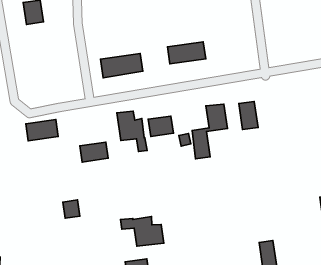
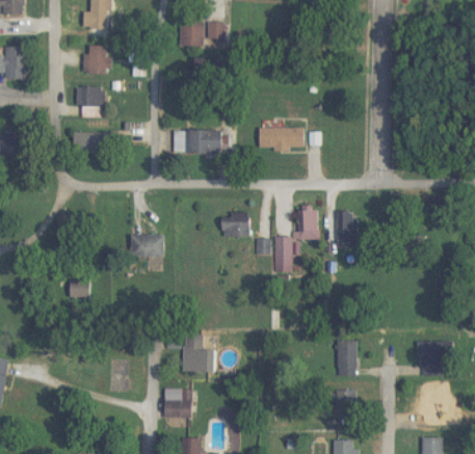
building: none -> [81,85,103,117]
building: [117,111,147,151] -> none
building: [26,119,58,141] -> [73,131,111,153]
building: [63,200,80,218] -> [68,276,86,297]
building: none -> [337,339,355,375]

